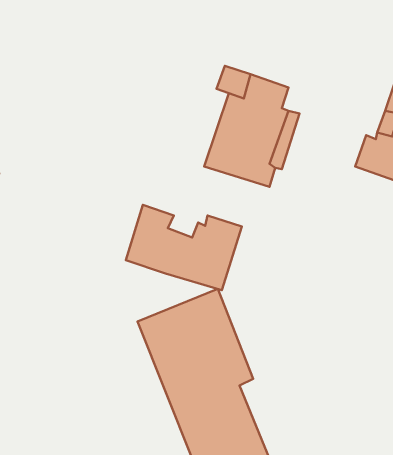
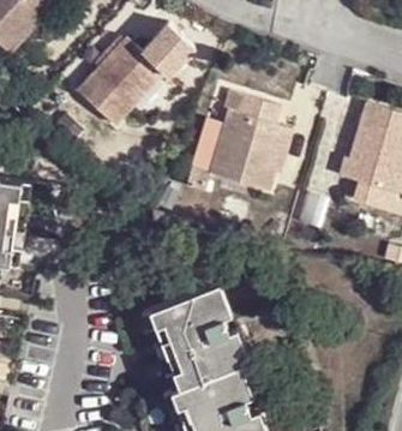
building: none -> [74,37,176,126]
building: [126,205,242,290] -> none

